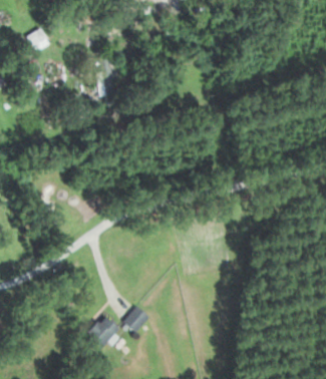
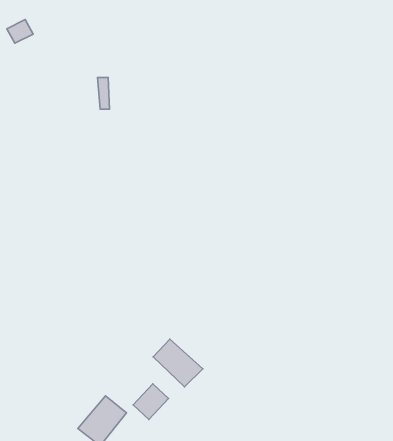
building: none -> [153,339,203,387]

